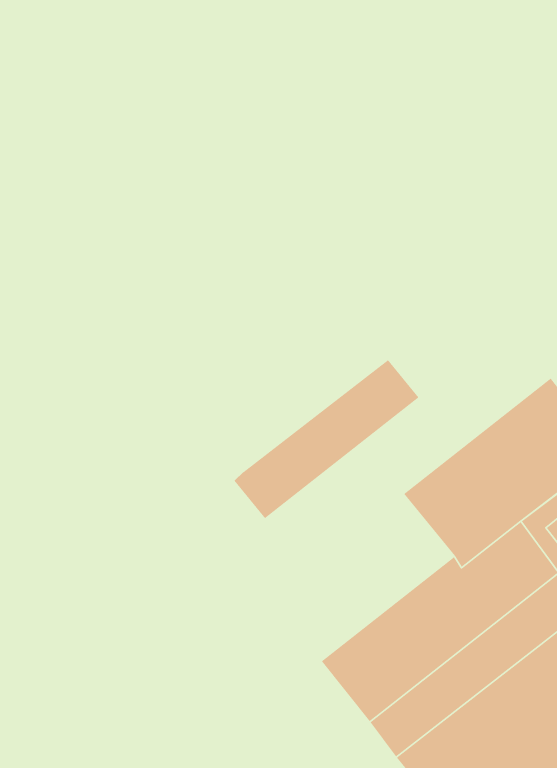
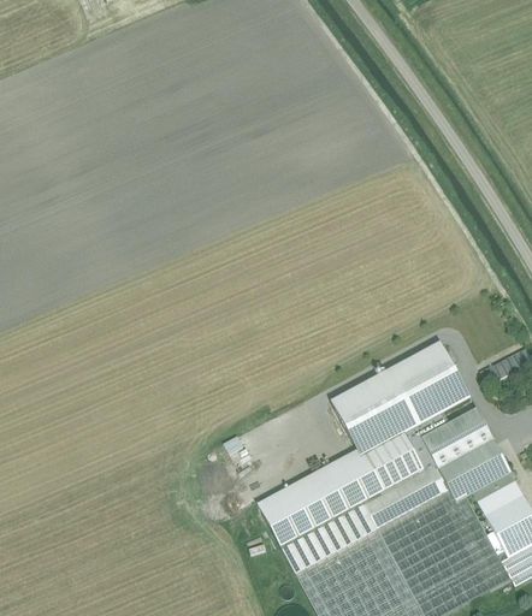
building: [234,359,419,519] -> none

